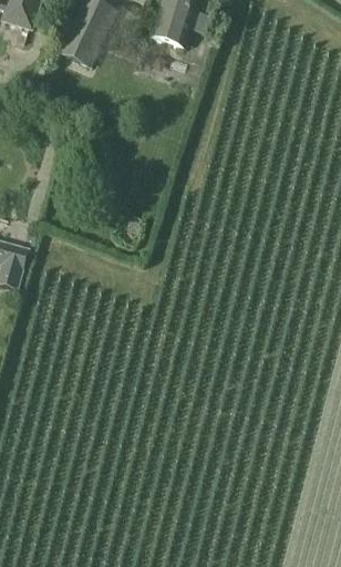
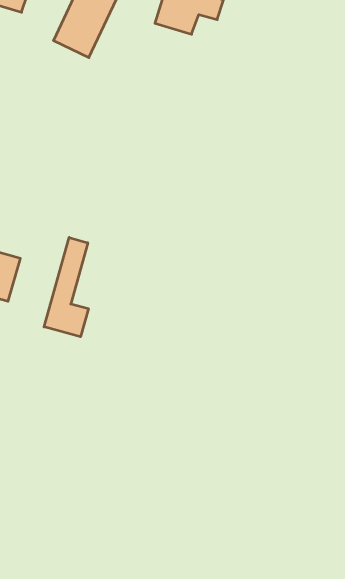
building: none -> [44,237,88,337]

